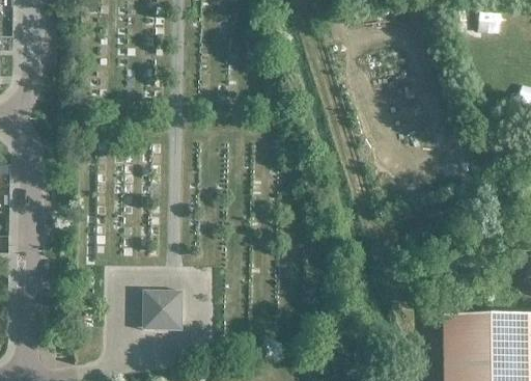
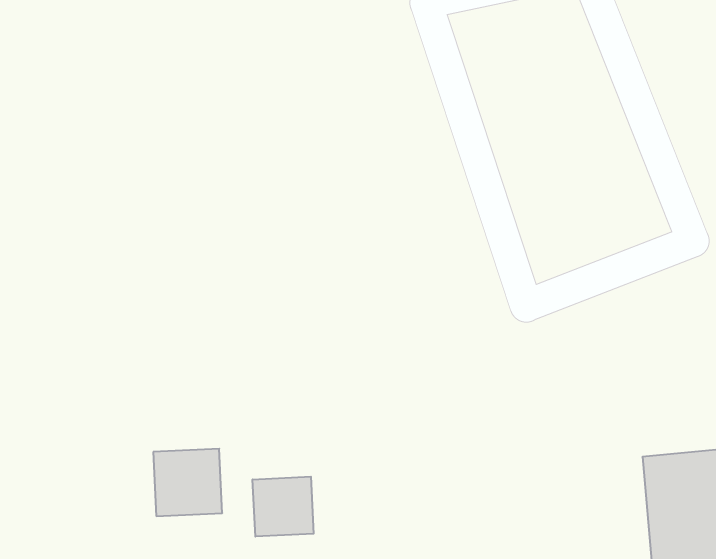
building: none -> [253,477,314,537]

